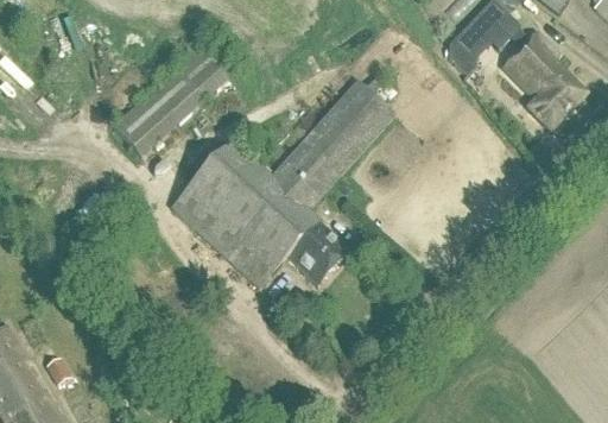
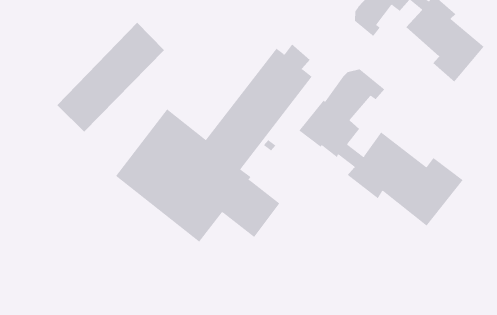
building: none -> [299,69,463,227]

